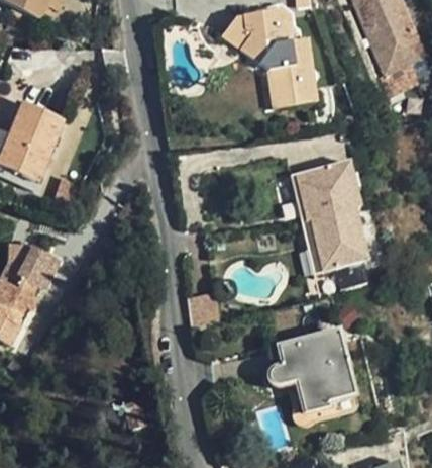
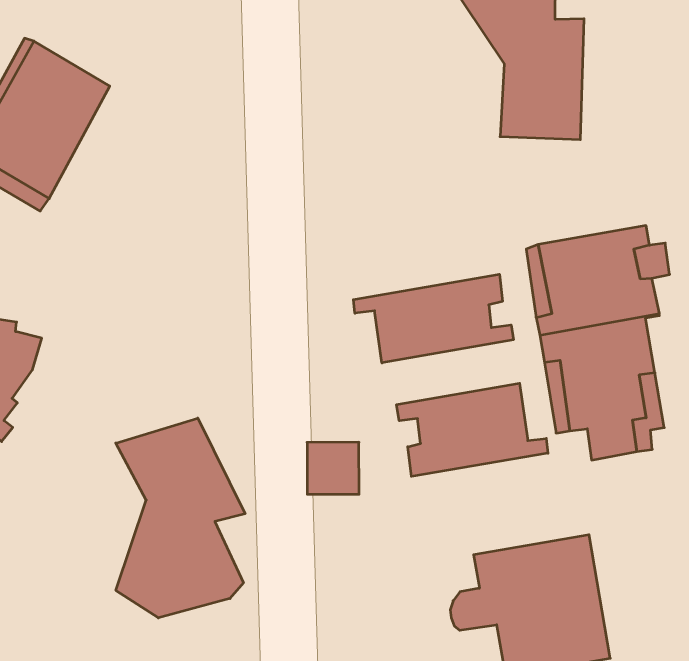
building: none -> [353,274,513,363]
building: none -> [397,383,548,476]
building: none -> [116,418,245,618]

